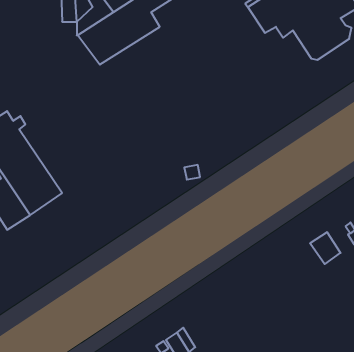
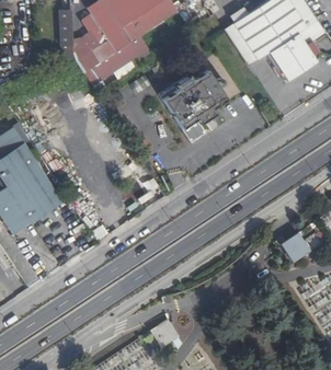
building: none -> [159,69,227,142]

